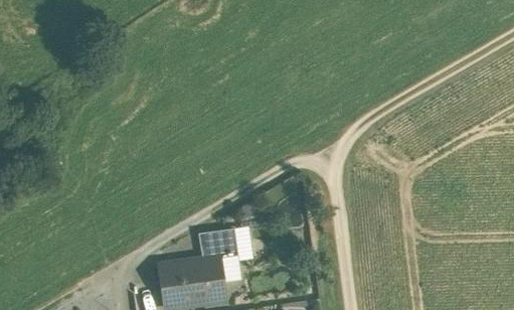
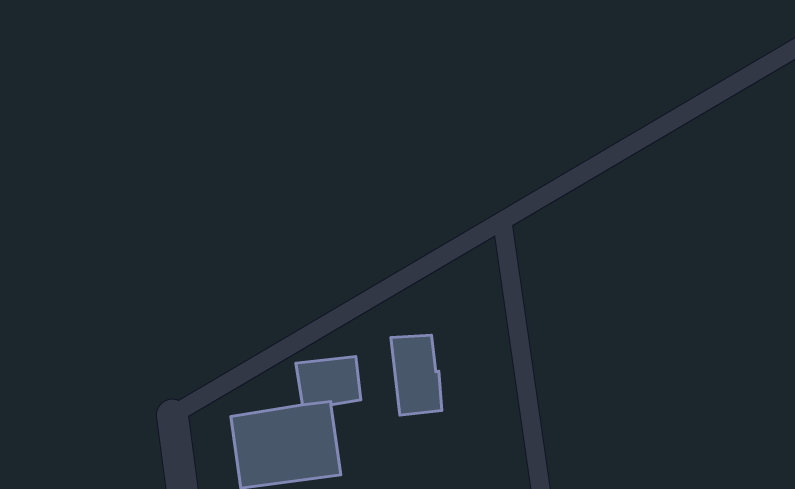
building: none -> [391,335,442,415]

